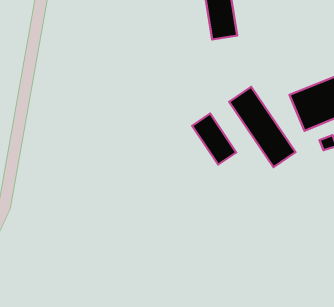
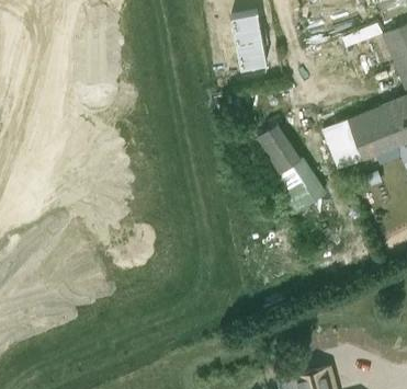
building: [192,114,236,165] -> none

